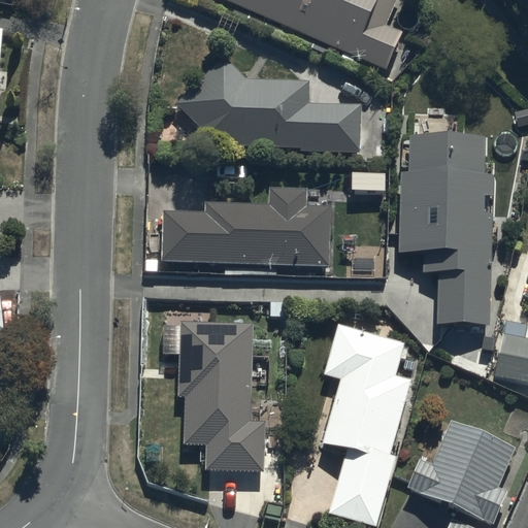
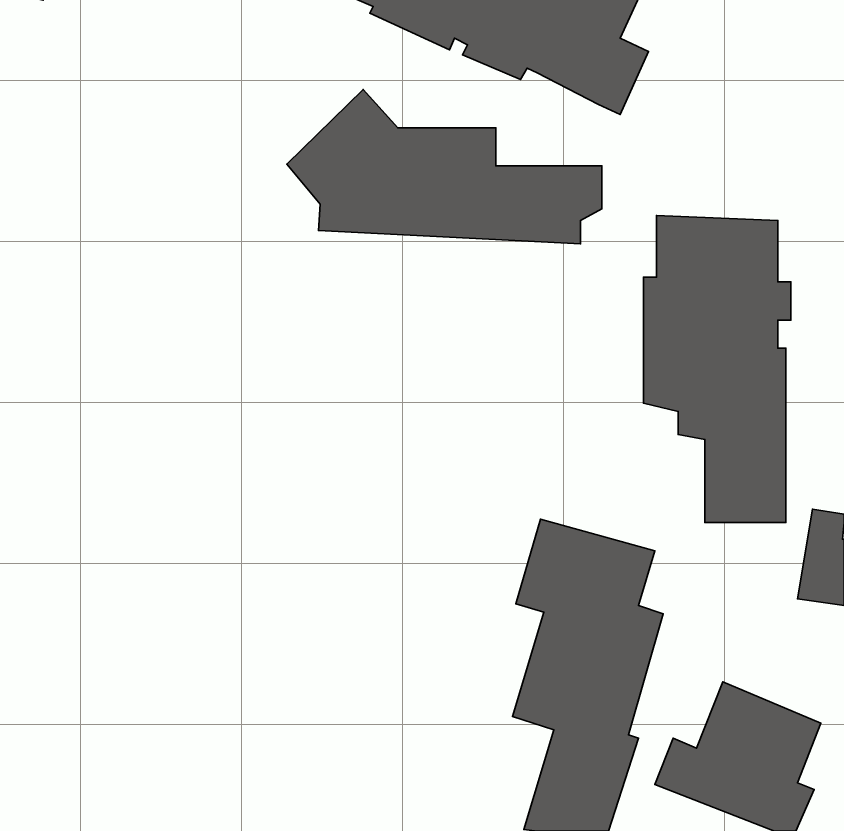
building: [162,190,330,271] -> none
building: [159,302,273,471] -> none

